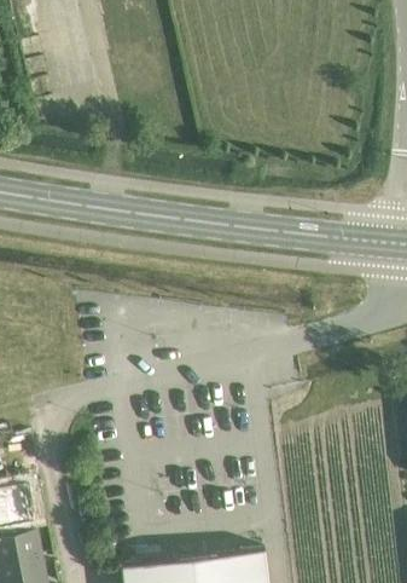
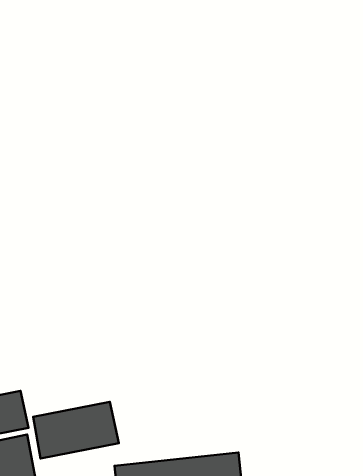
building: none -> [33,402,119,459]

